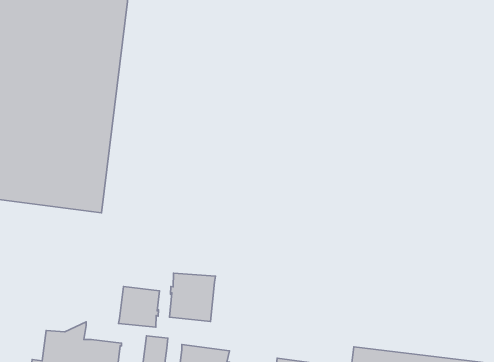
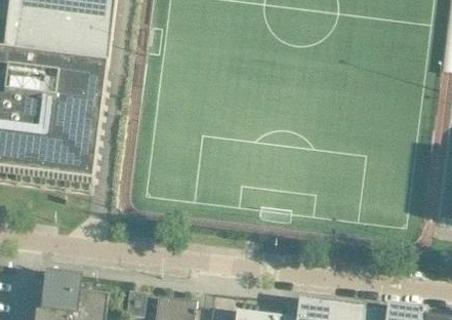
building: [170,273,216,322] -> none
building: [119,286,159,327] -> none

